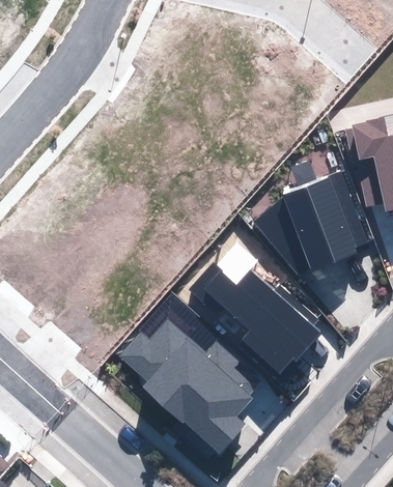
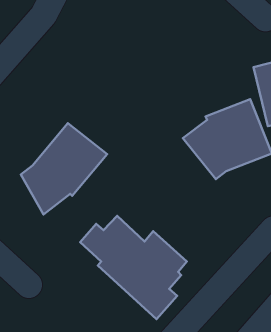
building: none -> [21,123,107,215]
building: [190,263,319,371] -> none

